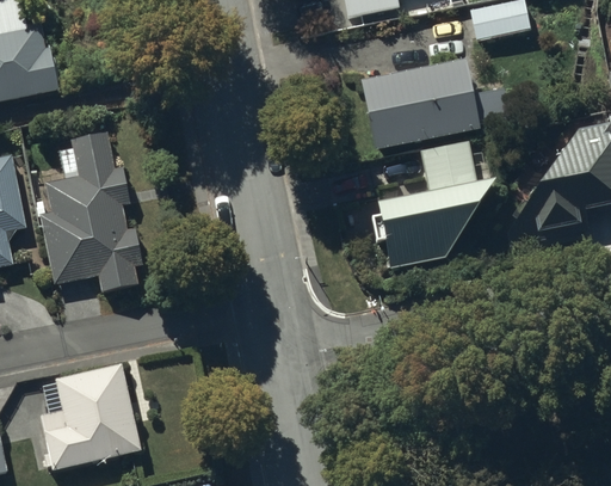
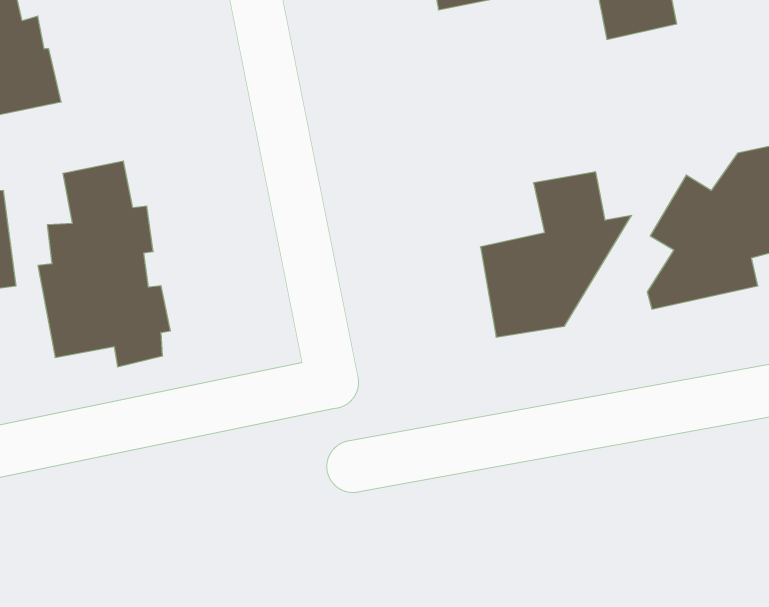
building: [362,59,508,147] -> none
building: [42,362,141,468] -> none

